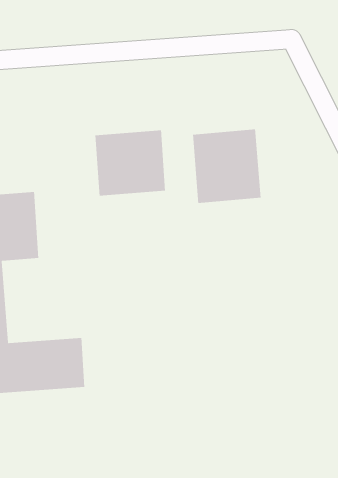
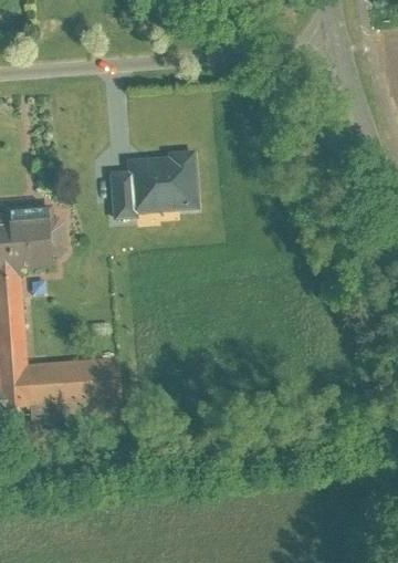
building: [192,128,261,204] -> none

